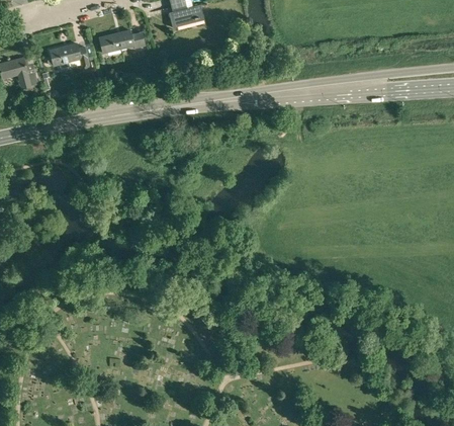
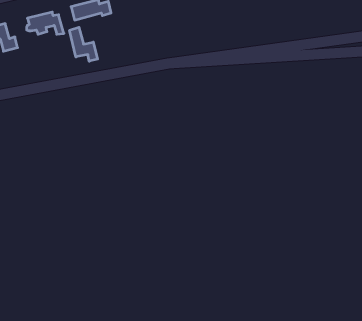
building: none -> [70,27,98,61]

